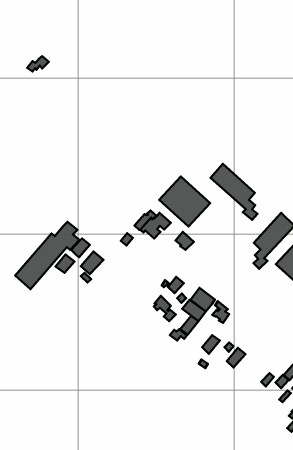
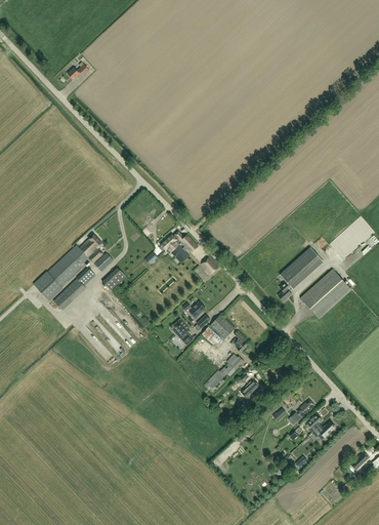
building: [211,164,257,220] -> none
building: [159,177,210,227] -> none

